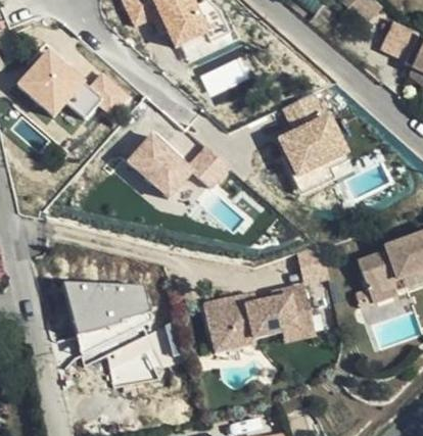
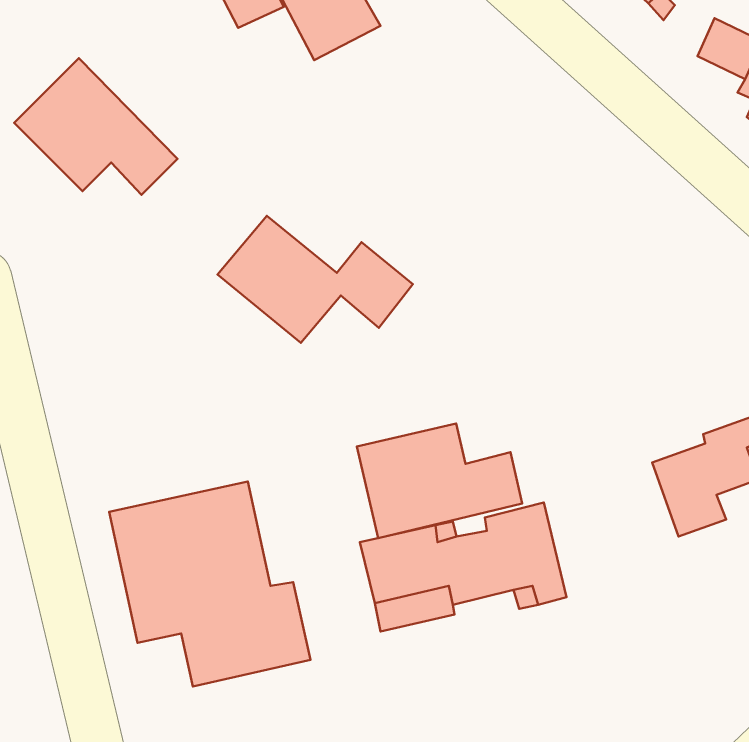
building: [199,53,252,97] -> none
building: [275,89,351,182] -> none
building: none -> [357,424,522,538]

